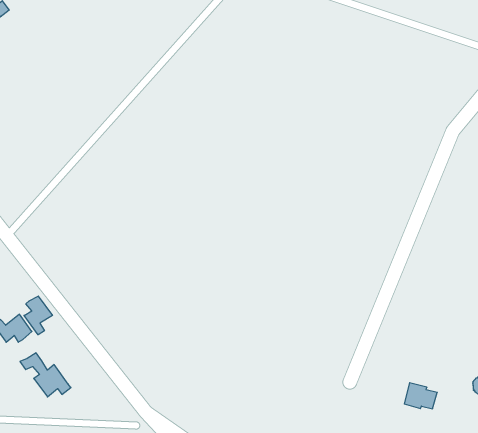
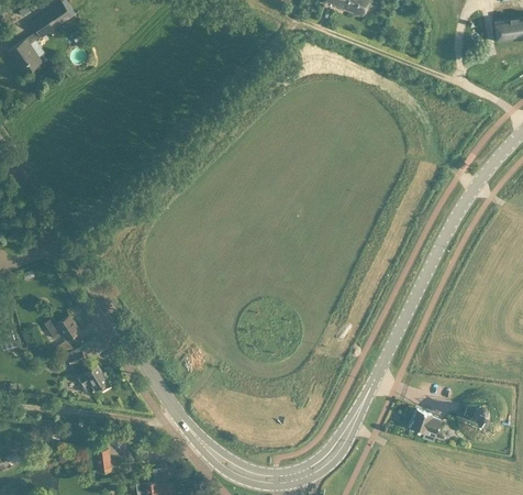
building: [24,296,52,335] -> none

